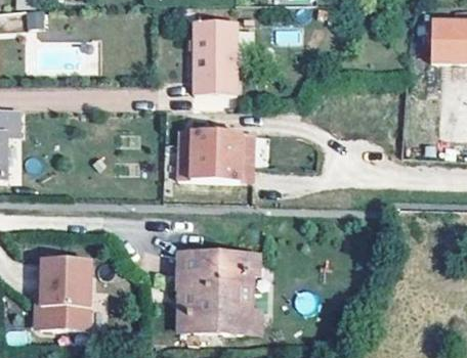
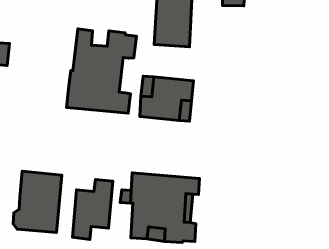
building: none -> [66,29,136,113]
building: none -> [72,180,113,240]

